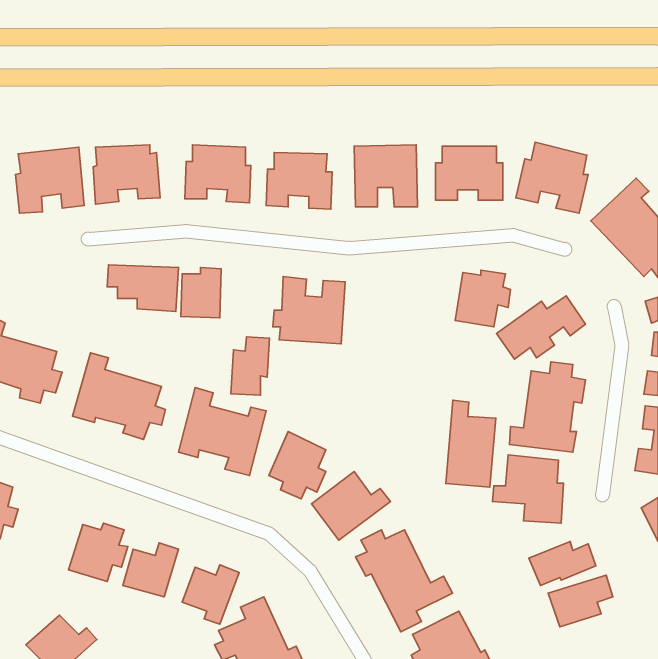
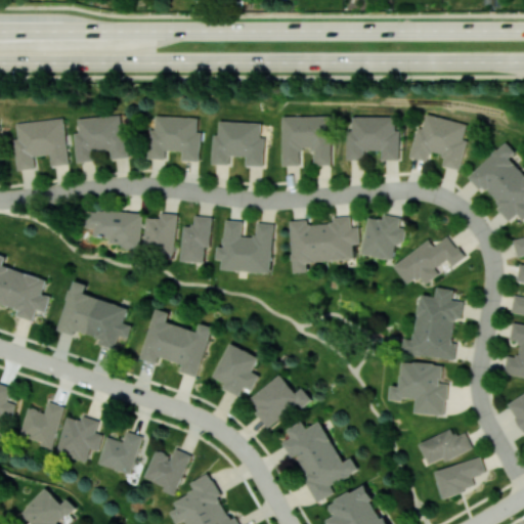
building: none -> [290,219,358,273]
building: [231,337,270,395] -> [180,216,211,262]
building: [446,400,496,487] -> none
building: none -> [18,402,62,449]

